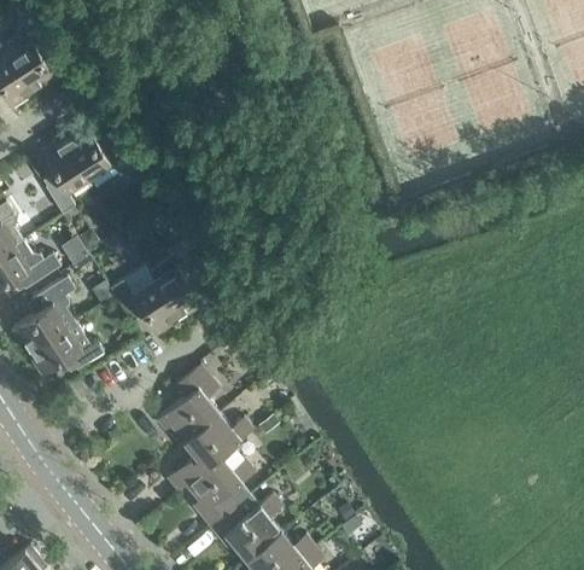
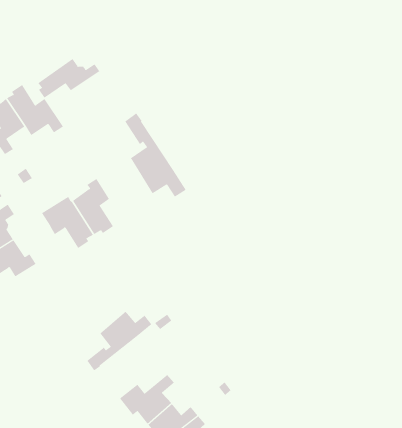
building: none -> [37,58,100,99]
building: none -> [124,113,186,198]
building: [157,363,220,442] -> none
building: [186,446,253,525] -> none

